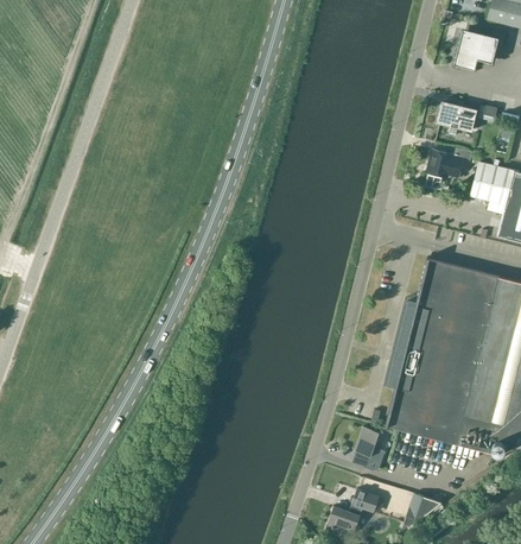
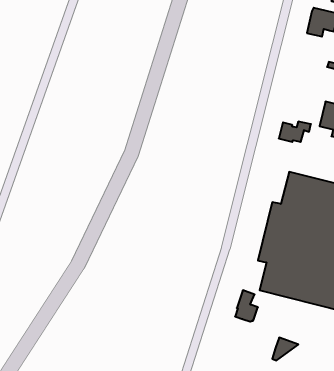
building: [437,102,481,132] -> none
building: [428,148,474,177] -> [279,122,311,142]
building: [328,489,380,534] -> none

